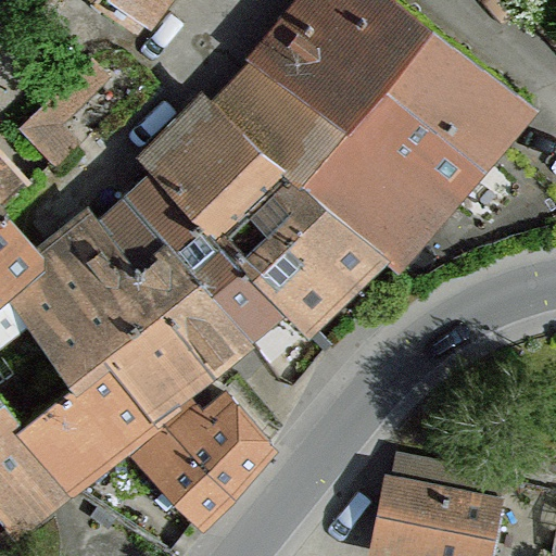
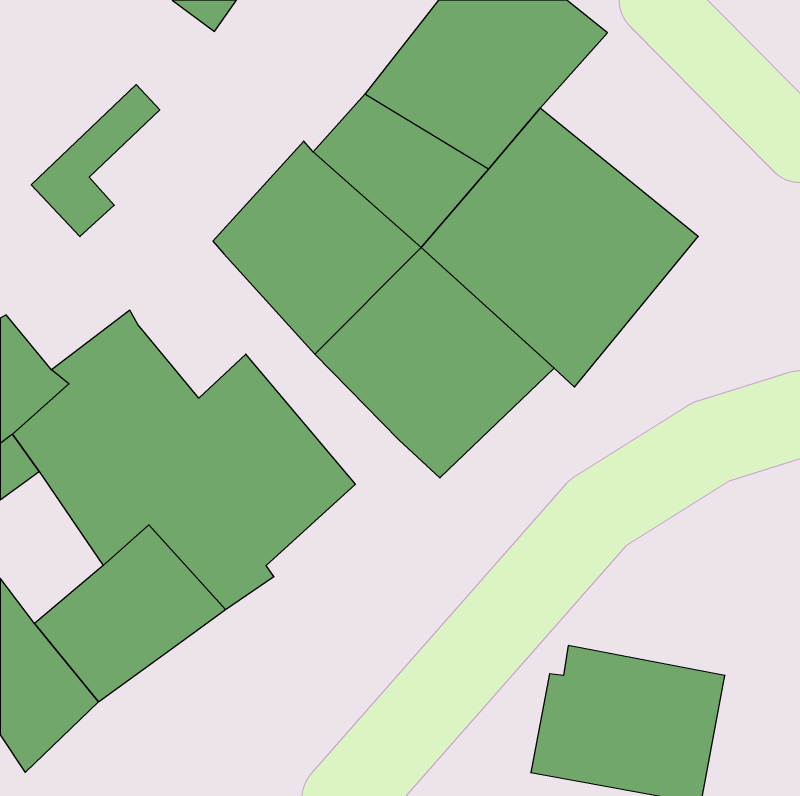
building: [375,26,529,167] -> none
building: [96,179,277,339] -> none
building: [128,401,269,526] -> none

